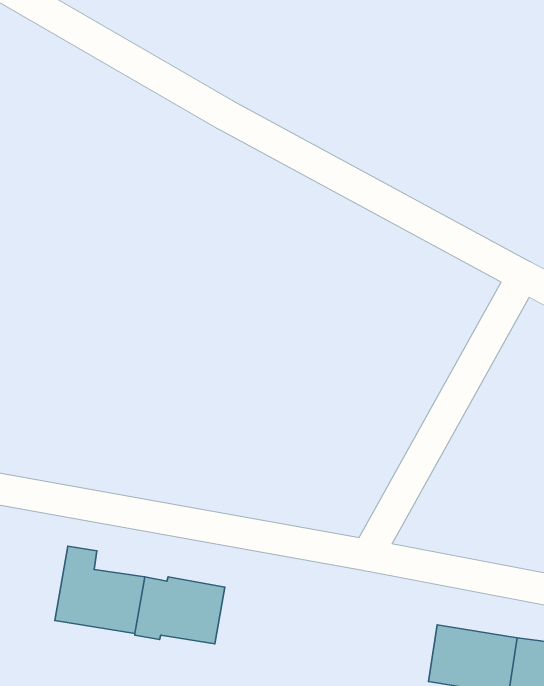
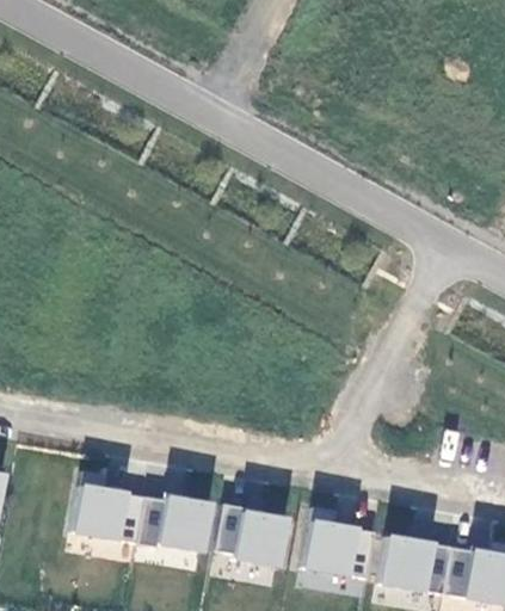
building: none -> [216,505,289,567]
building: none -> [303,507,376,579]

